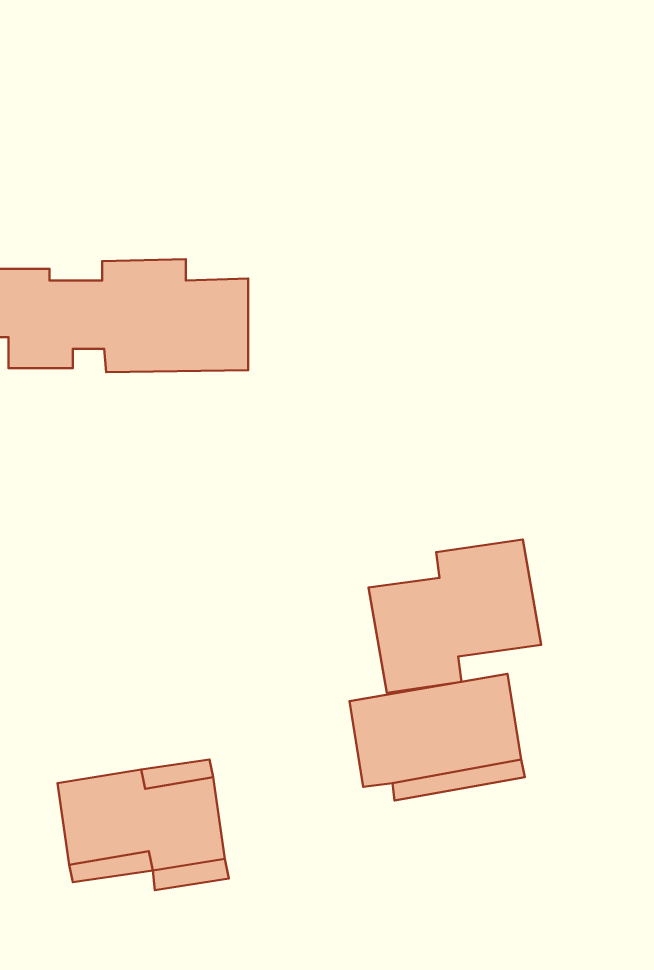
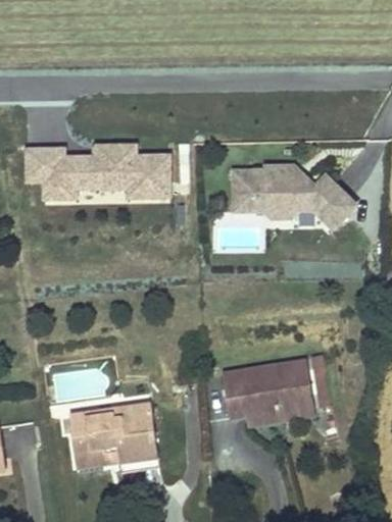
building: none -> [235,164,356,225]
building: [369,539,541,693] -> none

